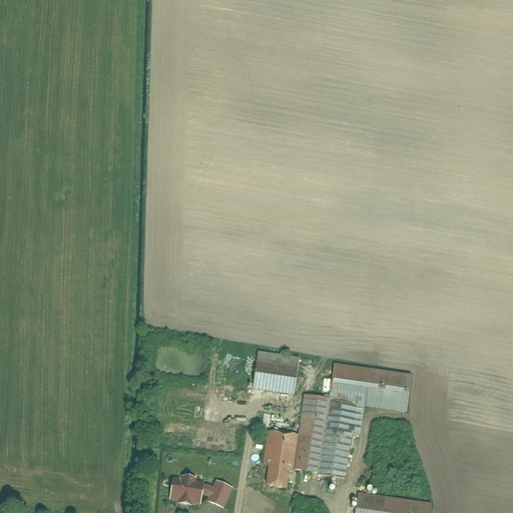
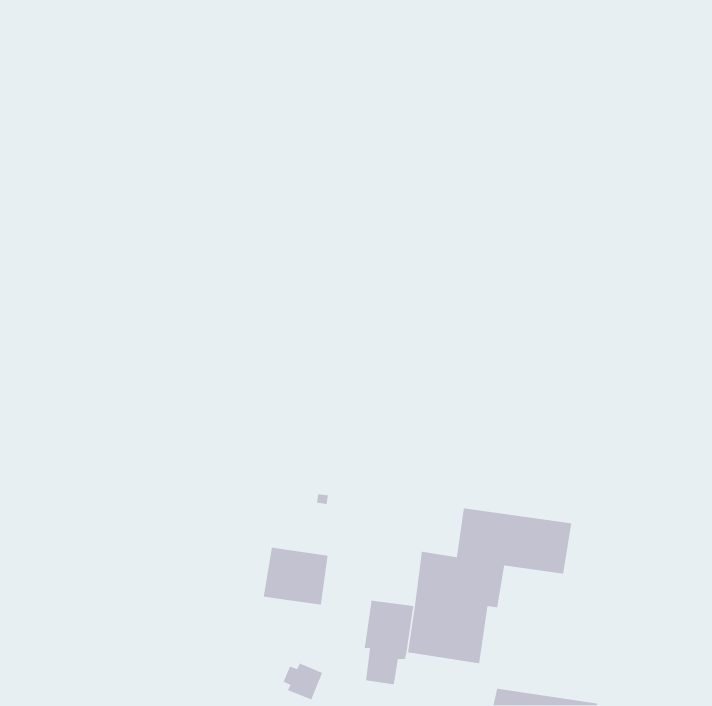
building: [251,353,299,395] -> [263,547,328,606]
building: [170,469,205,500] -> none

